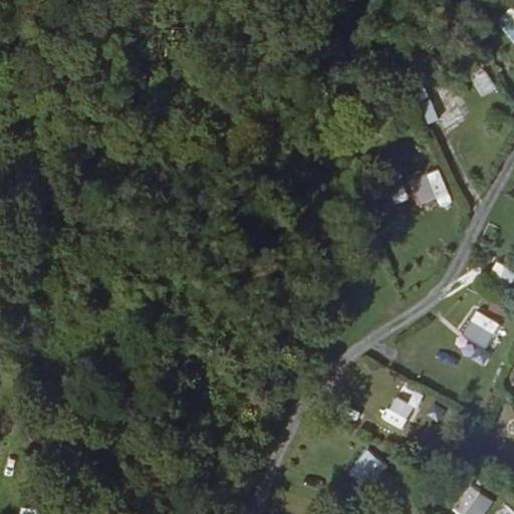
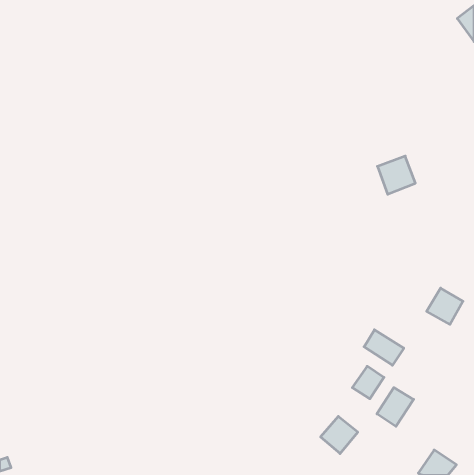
building: none -> [364,330,404,365]
building: none -> [377,388,414,426]

